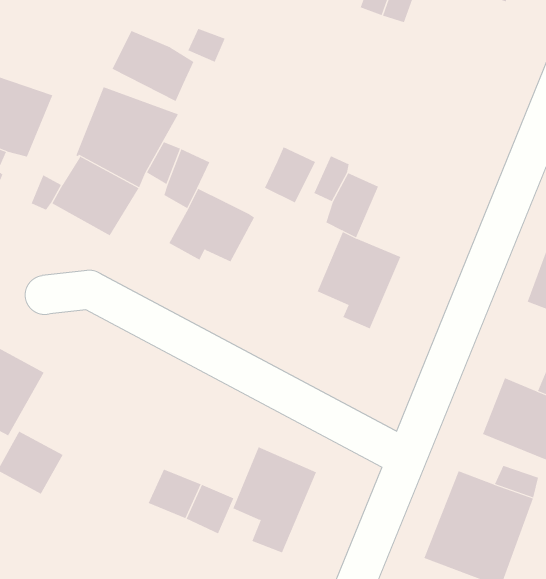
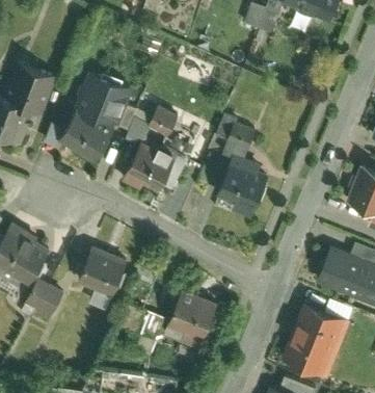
building: [112,30,194,102] -> none
building: [264,146,316,203] -> [146,109,178,143]
building: none -> [80,250,127,298]

